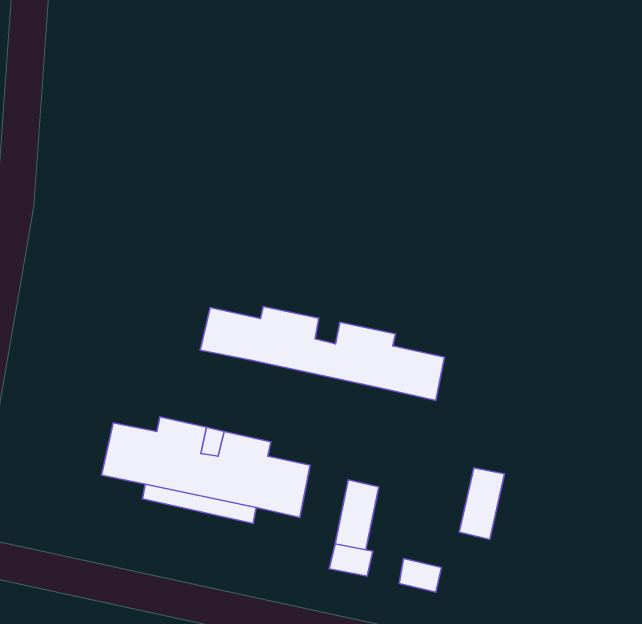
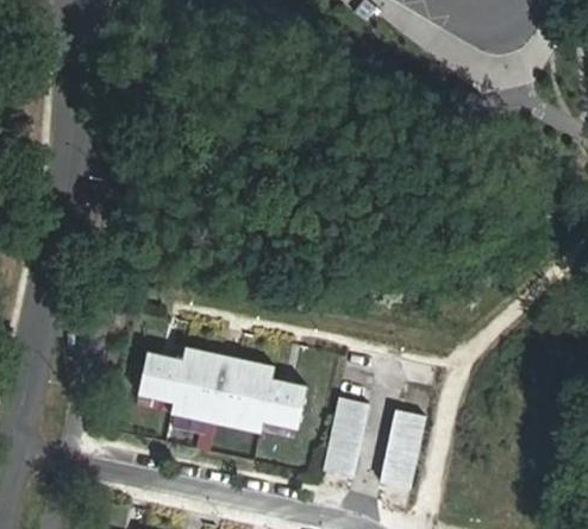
building: [200,307,445,400] -> none
building: [459,468,504,540] -> [389,411,426,470]

